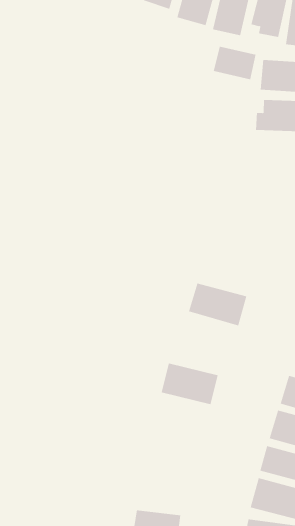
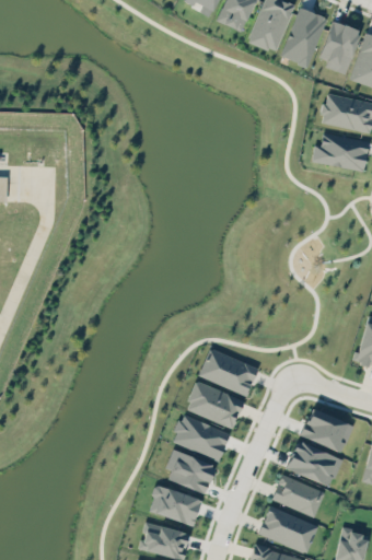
building: [213,46,256,80] -> none
building: [188,283,247,326] -> [198,349,258,397]
building: none -> [172,415,231,462]
building: none -> [165,450,217,494]
building: none -> [148,486,201,526]

